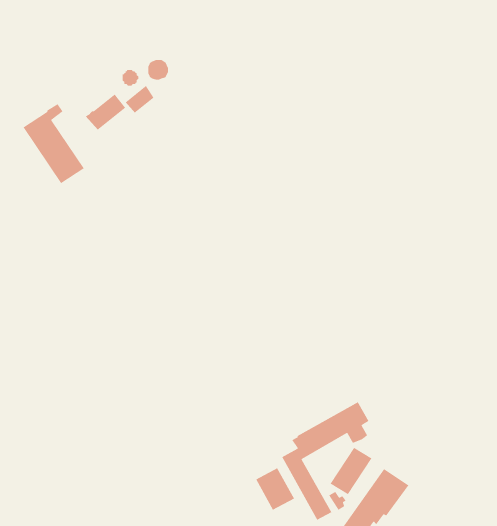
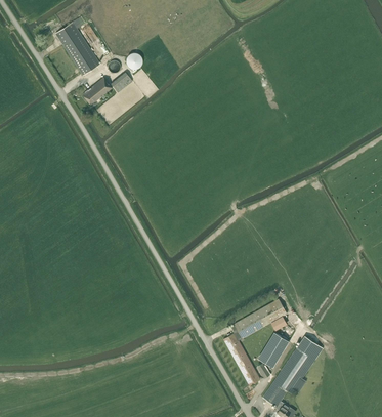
building: [22,103,85,184] -> [56,15,101,74]
building: [255,467,295,511] -> none

